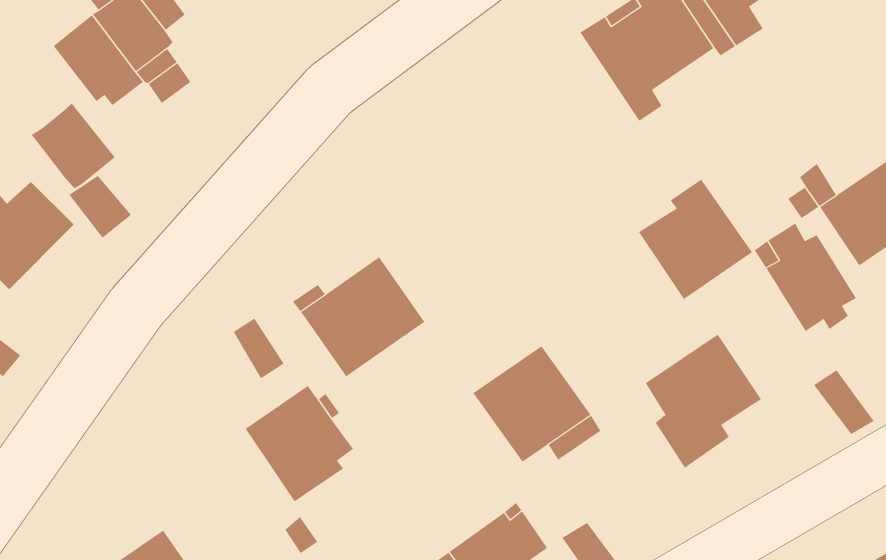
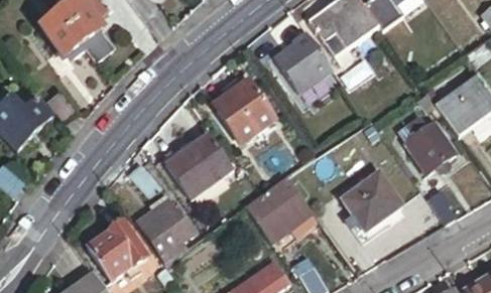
building: [31,103,116,189] -> none
building: none -> [212,80,273,142]
building: [638,179,753,300] -> [277,30,336,92]
building: none -> [89,221,148,279]

